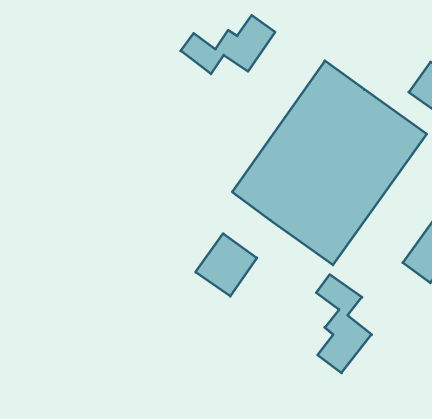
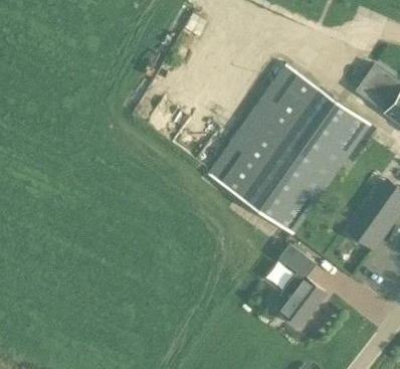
building: [181,15,275,74] -> none
building: [196,234,257,296] -> none

